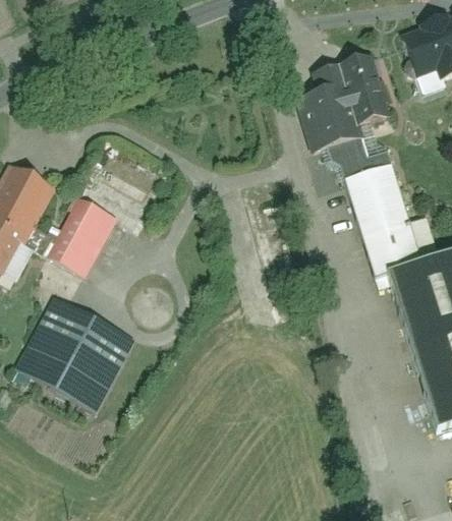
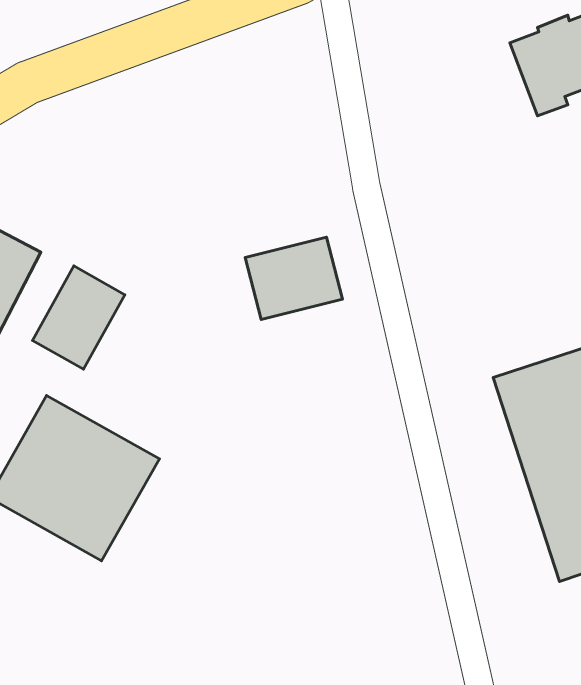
building: [303,53,426,276] -> none
building: none -> [245,237,342,320]

